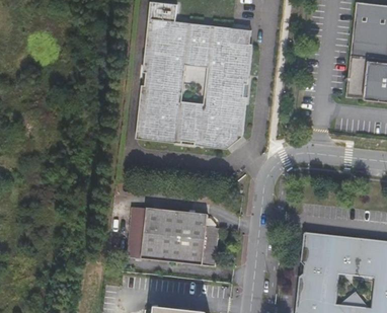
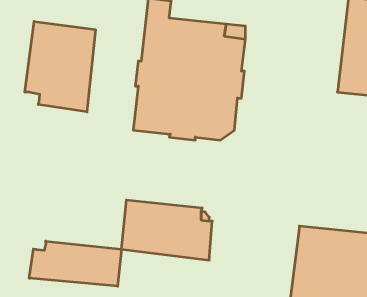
building: none -> [25,21,95,112]
building: none -> [29,241,122,286]

